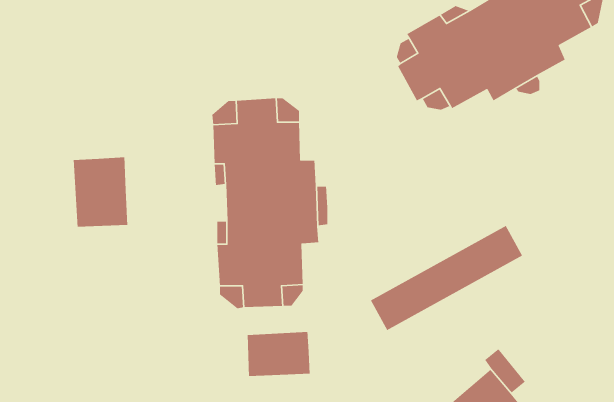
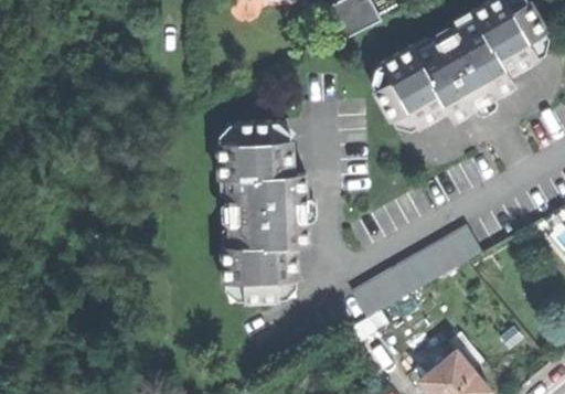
building: [73,157,128,227] -> none
building: [247,331,311,377] -> none

